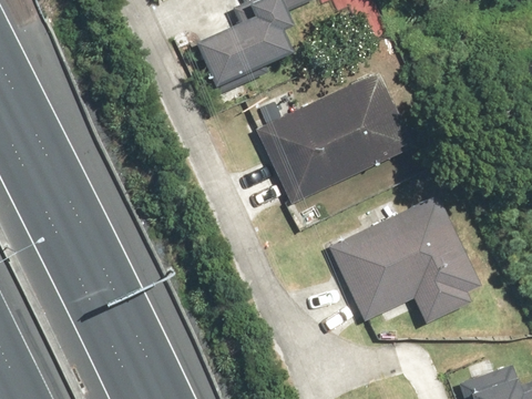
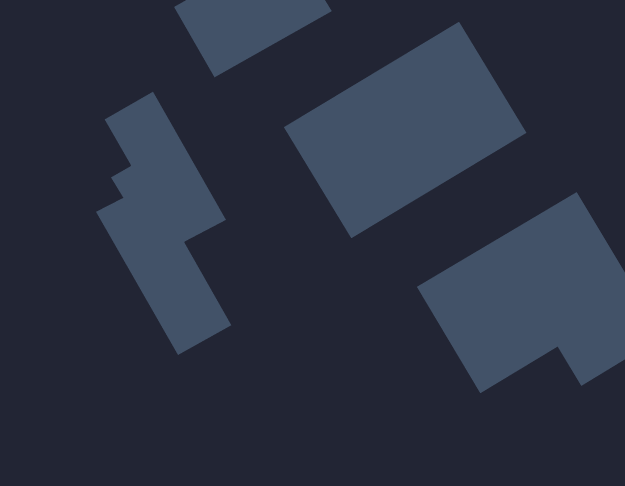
building: none -> [95,91,232,356]

